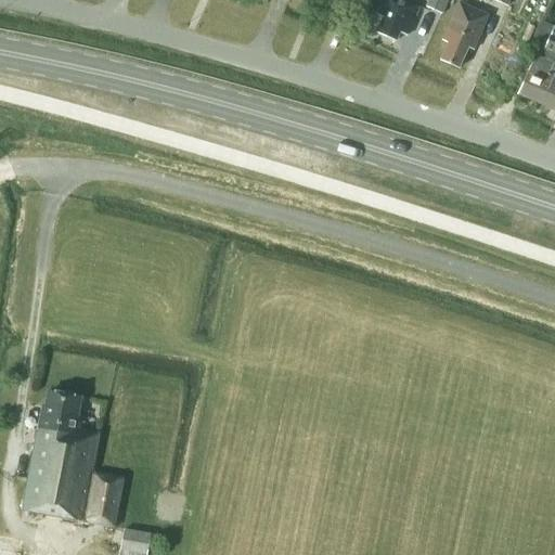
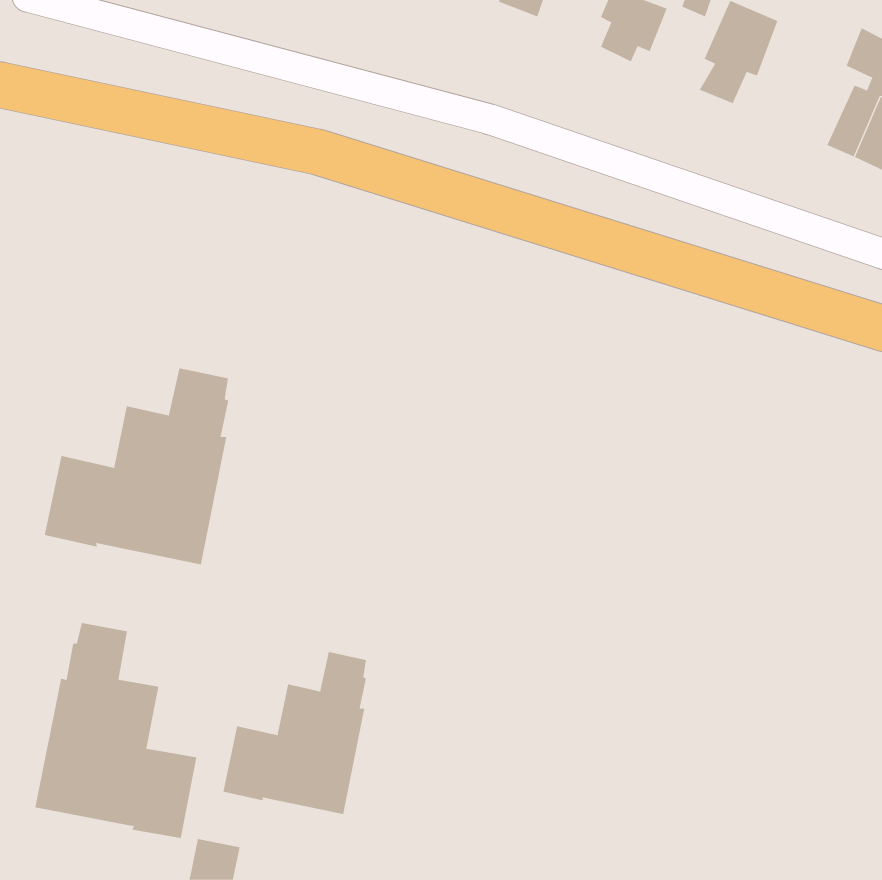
building: none -> [44,367,229,565]
building: none -> [223,651,367,815]

